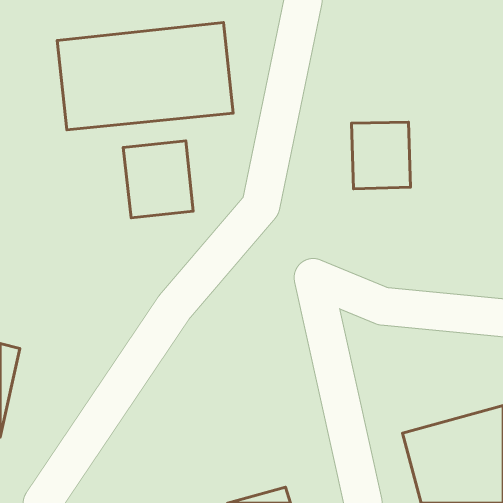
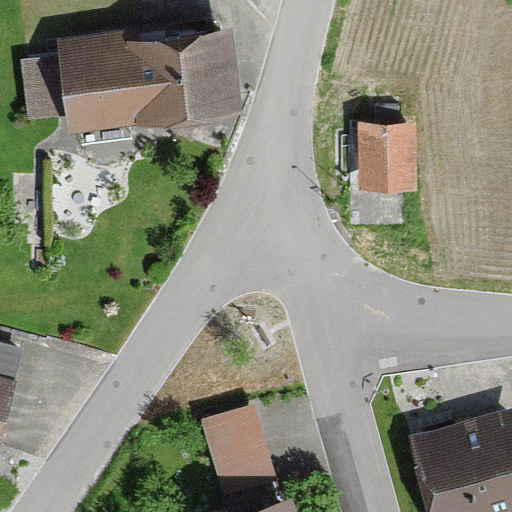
building: [123,141,193,218] -> none
building: none -> [199,408,275,500]

